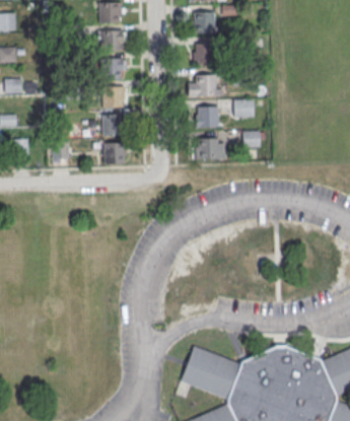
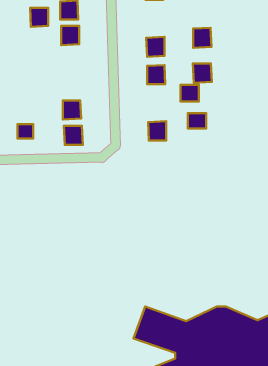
building: [195,12,215,34] -> [193,28,211,48]
building: [100,59,121,80] -> [30,8,48,27]
building: [102,87,123,109] -> none
building: [198,107,219,128] -> [193,64,212,83]

